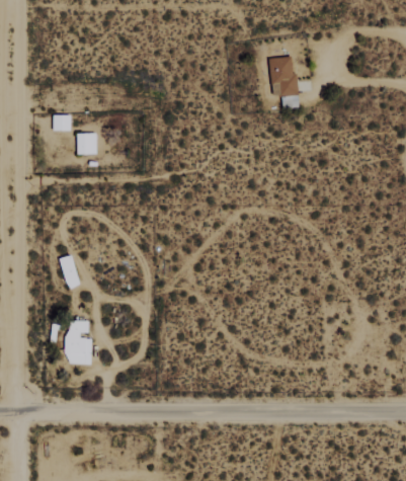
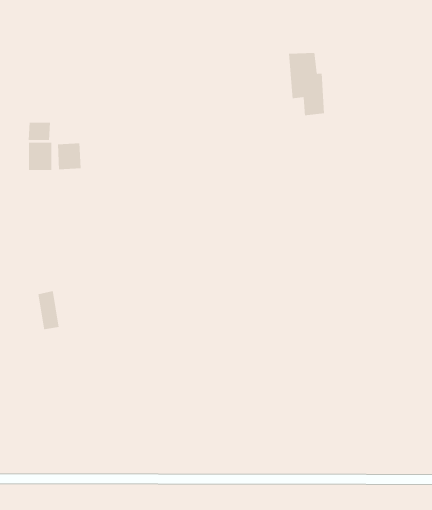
building: none -> [28,142,52,171]
building: [64,320,91,365] -> none

